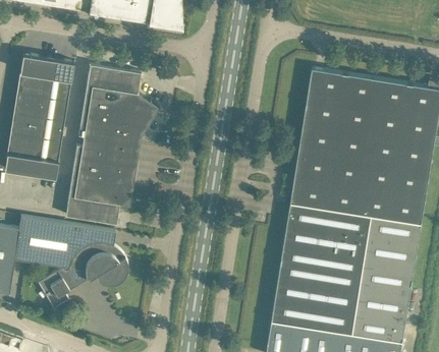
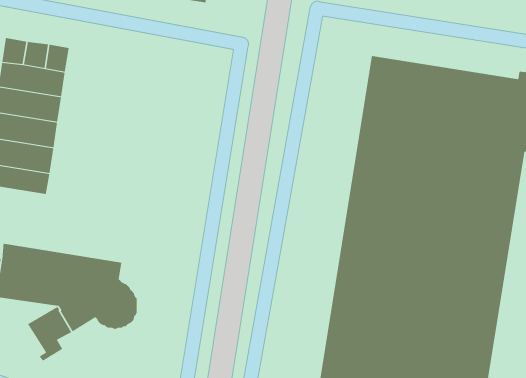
building: [65,63,159,222] -> none

